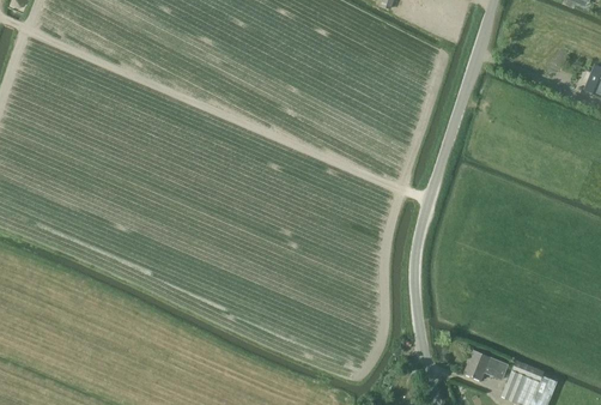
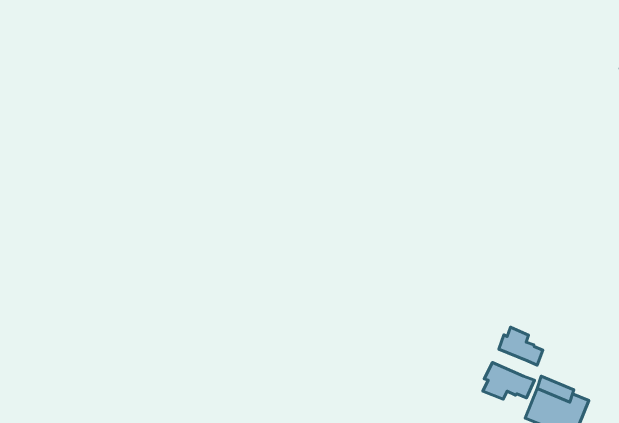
building: none -> [499,327,543,365]

